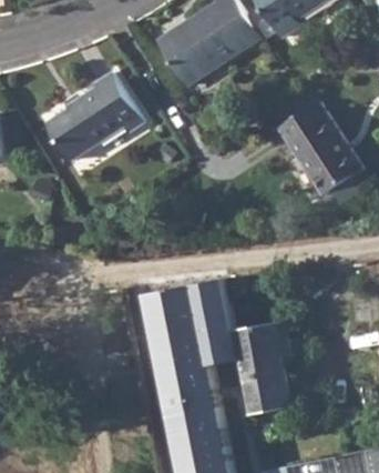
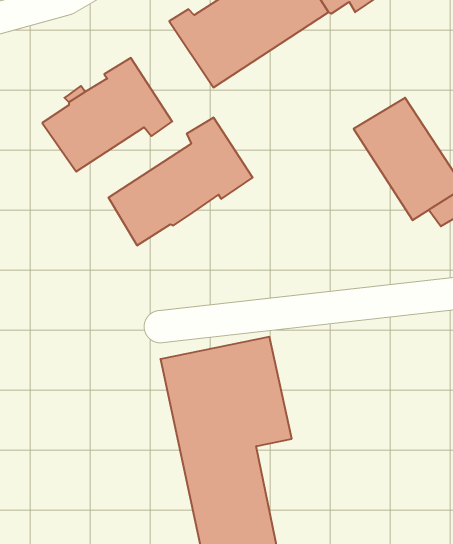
building: none -> [109,117,253,246]
building: [236,319,294,414] -> none

